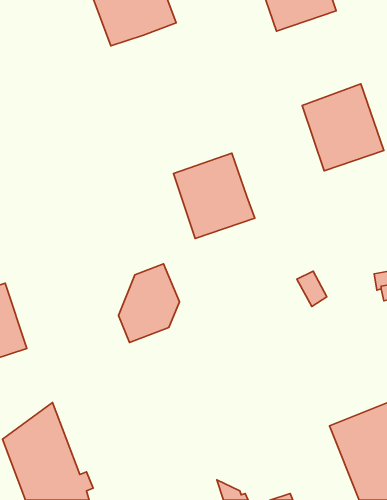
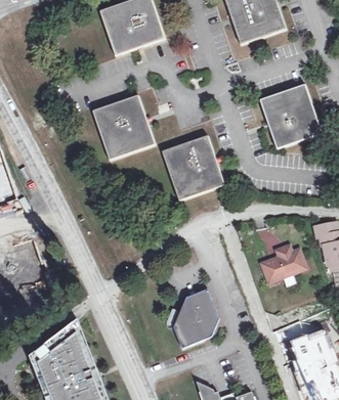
building: none -> [93,96,155,161]
building: [119,264,180,343] -> [173,290,219,349]
building: none -> [260,248,306,283]

